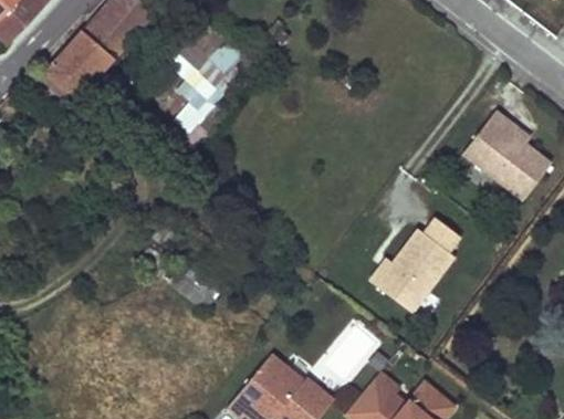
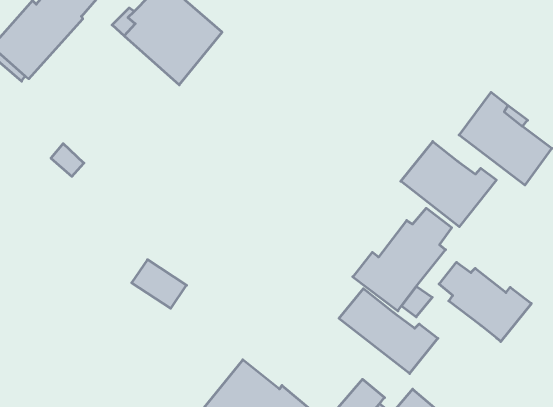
building: none -> [401,141,496,227]
building: none -> [439,262,531,342]
building: none -> [339,289,438,374]

